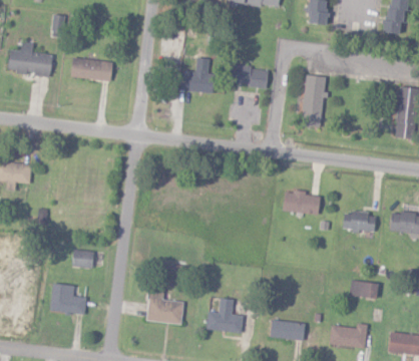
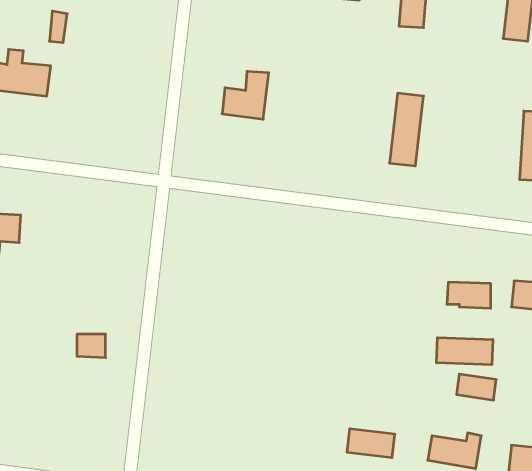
building: [71,57,112,81] -> none
building: [233,65,269,87] -> none
building: [283,192,321,215] -> none
building: none -> [437,338,493,365]
building: [50,283,86,315] -> none
building: [146,289,183,324] -> none
building: [206,298,243,334] -> none

